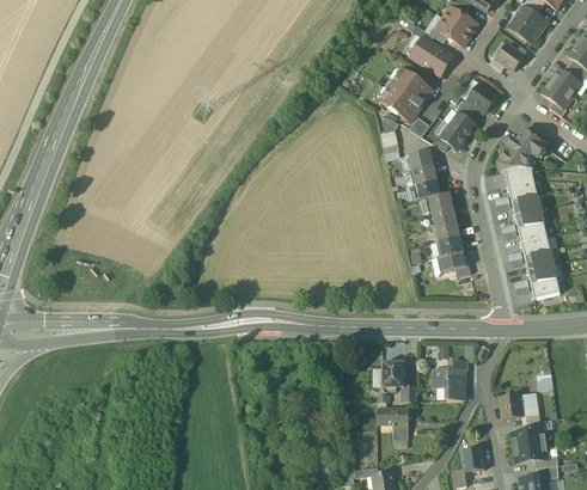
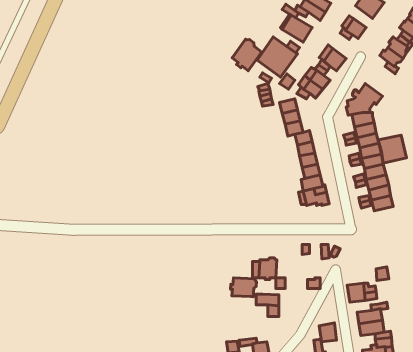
building: none -> [232,39,262,71]
building: none -> [378,135,407,163]
building: [434,369,463,388] -> none
building: none -> [230,278,257,297]

